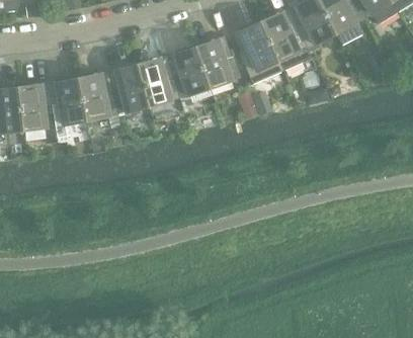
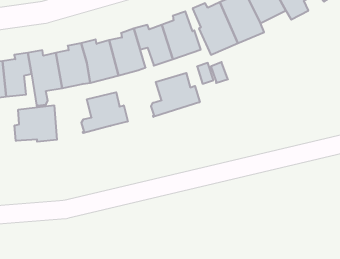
building: none -> [151,73,200,117]
building: none -> [81,92,128,133]
building: none -> [15,105,57,142]

